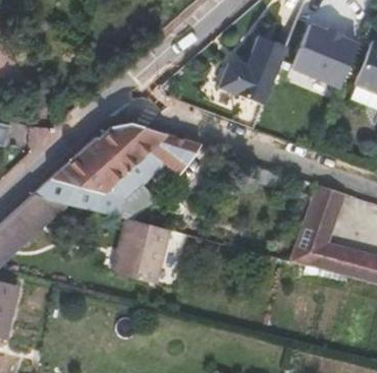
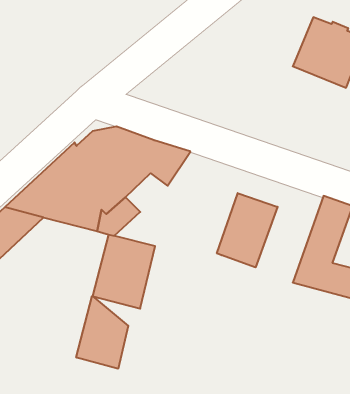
building: [218,35,287,104] -> none
building: none -> [217,193,278,267]
building: none -> [76,296,128,369]

